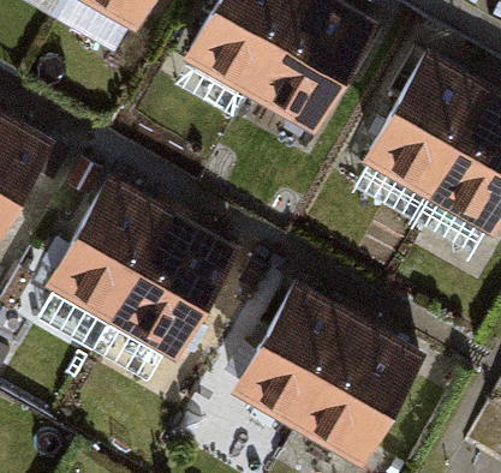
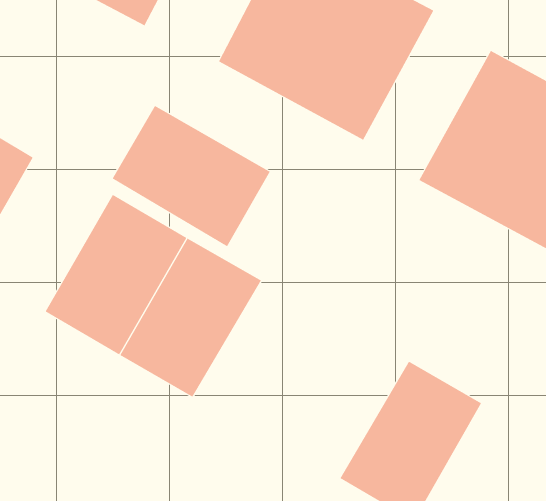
building: none -> [112,105,271,247]
building: [237,286,358,423] -> none

